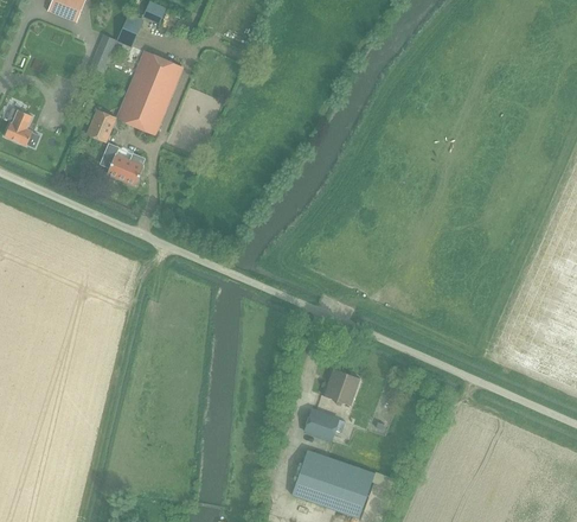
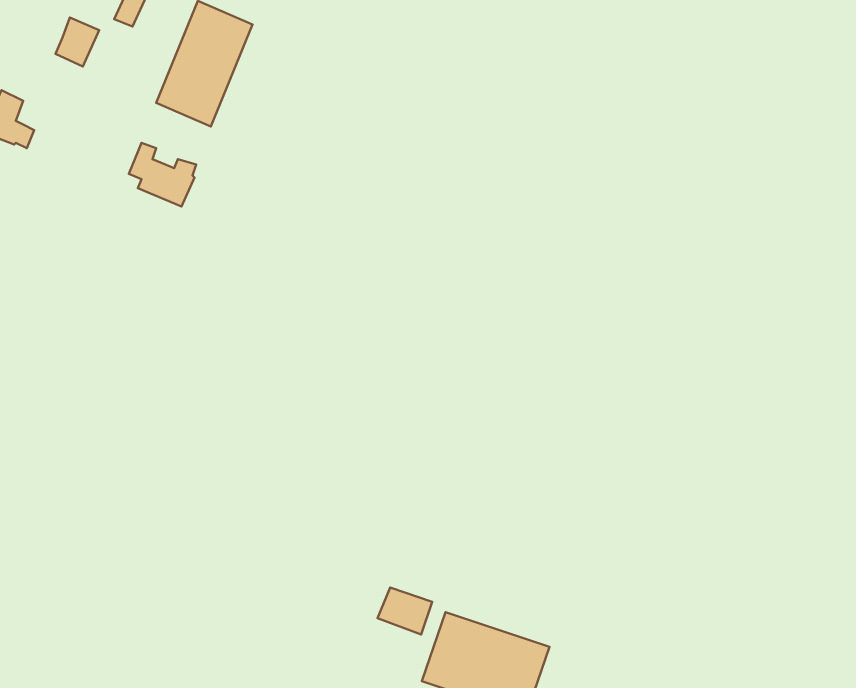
building: [88,109,116,141] -> [55,17,99,67]
building: [323,368,360,406] -> none
building: [303,409,339,440] -> [377,587,432,635]

